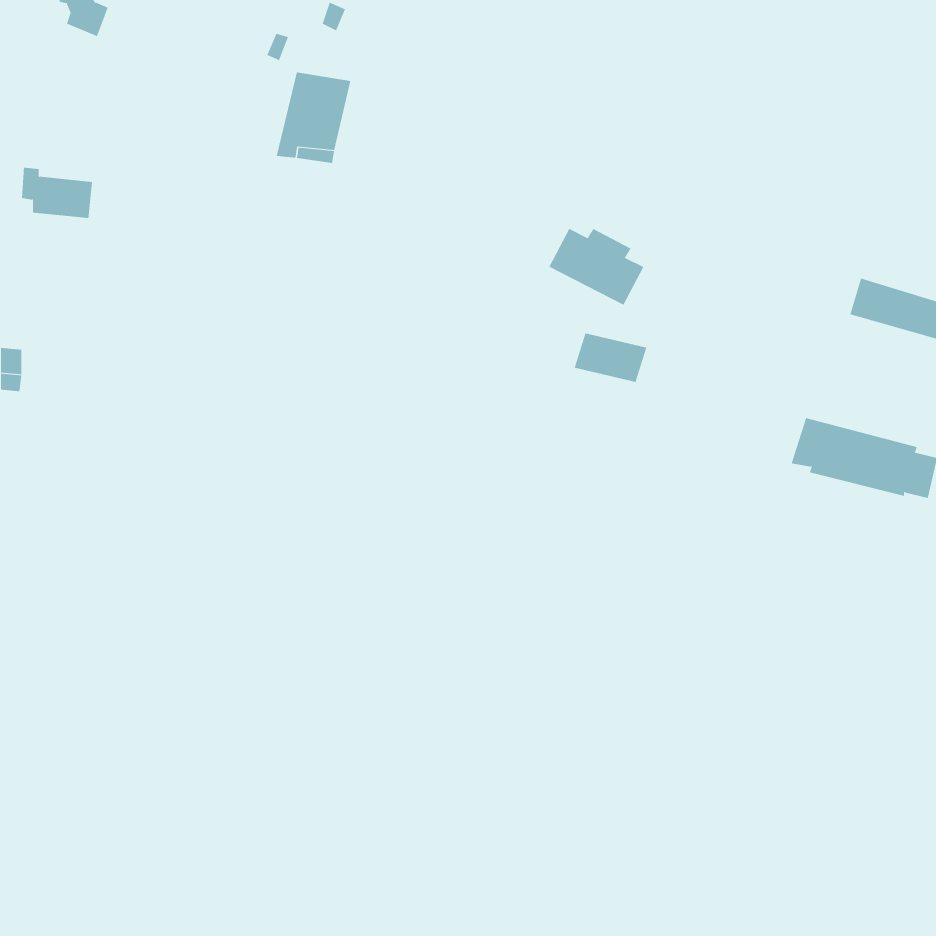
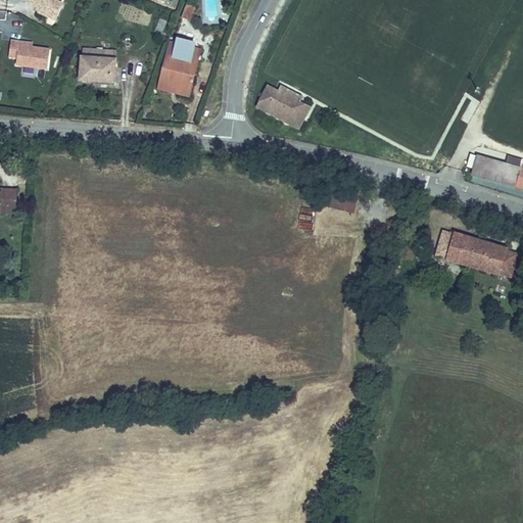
building: none -> [78,49,112,82]
building: [21,167,93,218] -> [9,40,49,68]
building: [549,228,644,306] -> [258,84,312,127]

